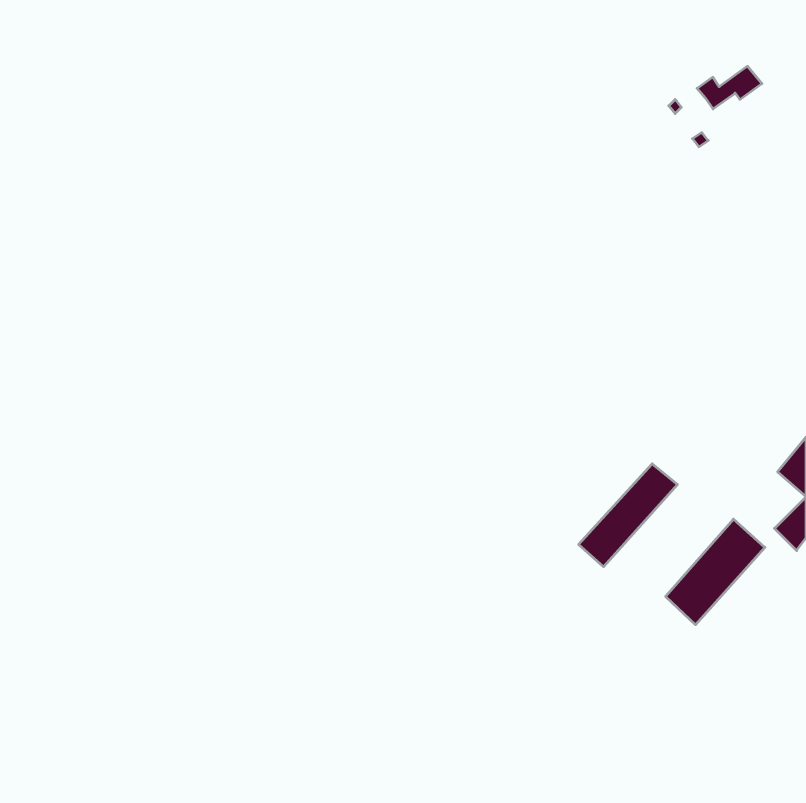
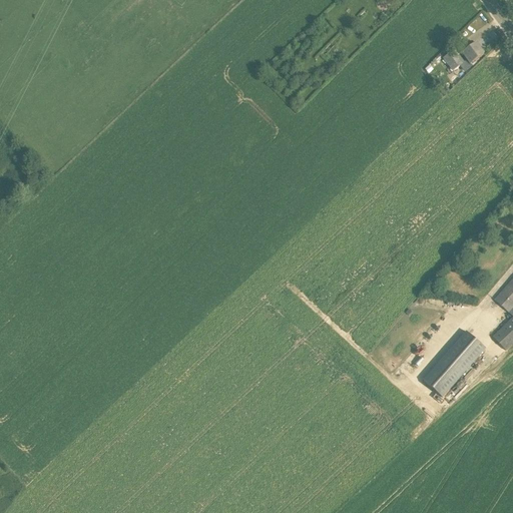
building: [579,464,677,567] -> none

